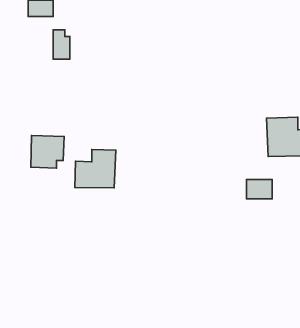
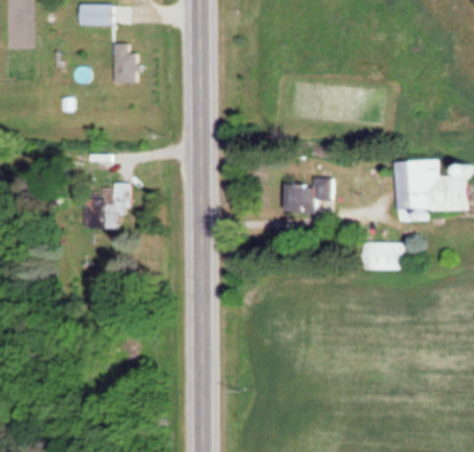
building: none -> [281,181,330,213]
building: [75,150,116,188] -> none

